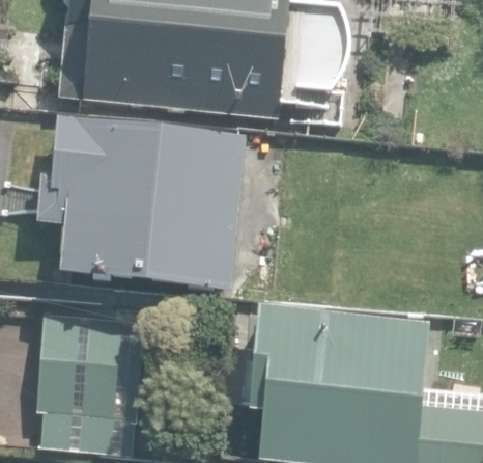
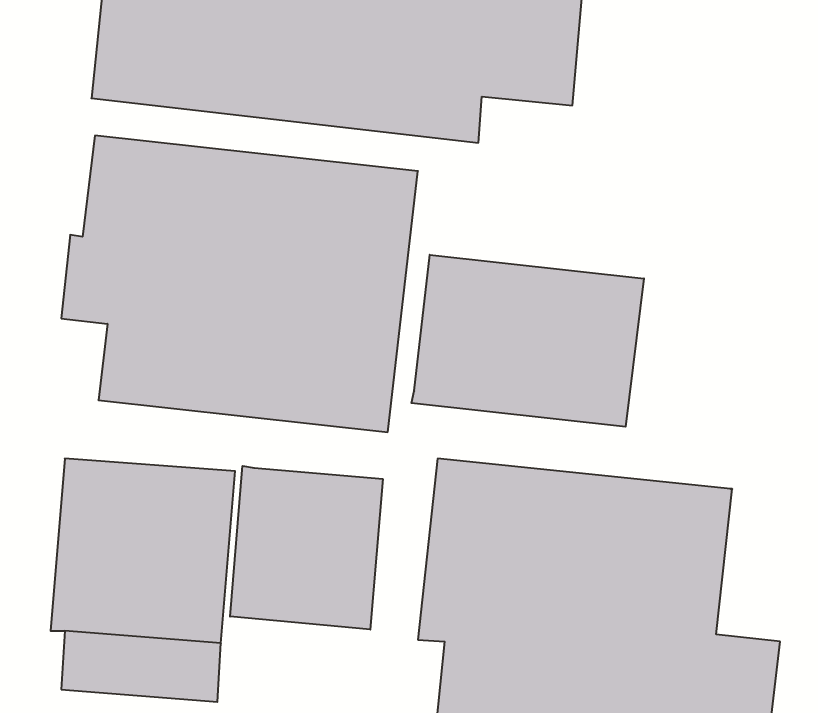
building: none -> [411,255,644,427]
building: none -> [230,466,383,630]

